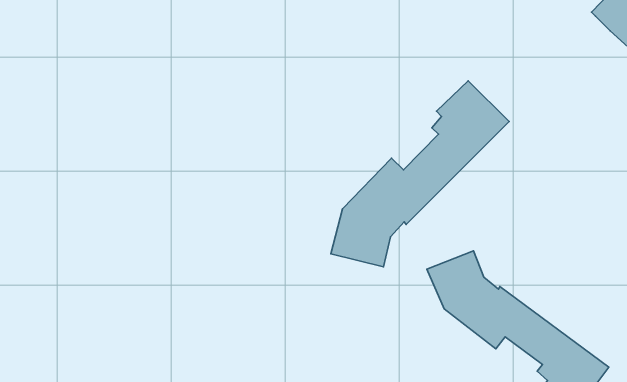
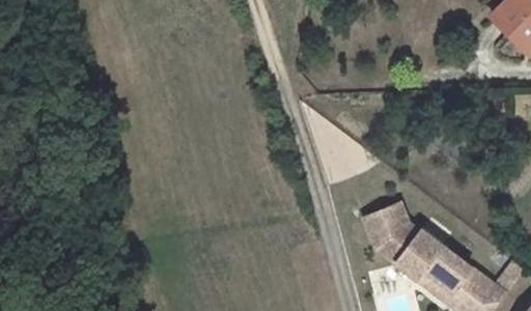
building: [331,81,509,267] -> none

